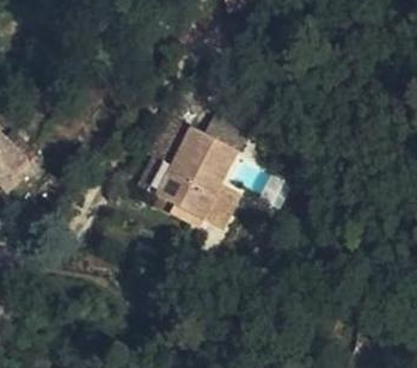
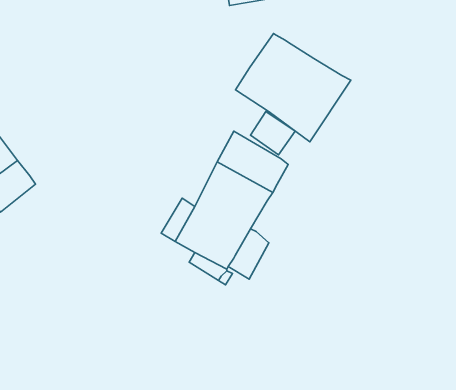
building: none -> [235,33,351,142]

